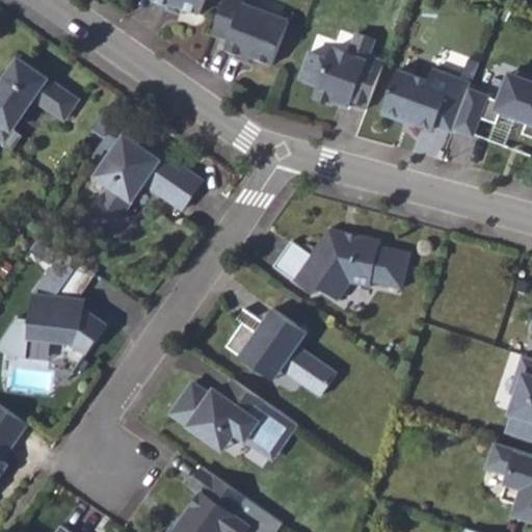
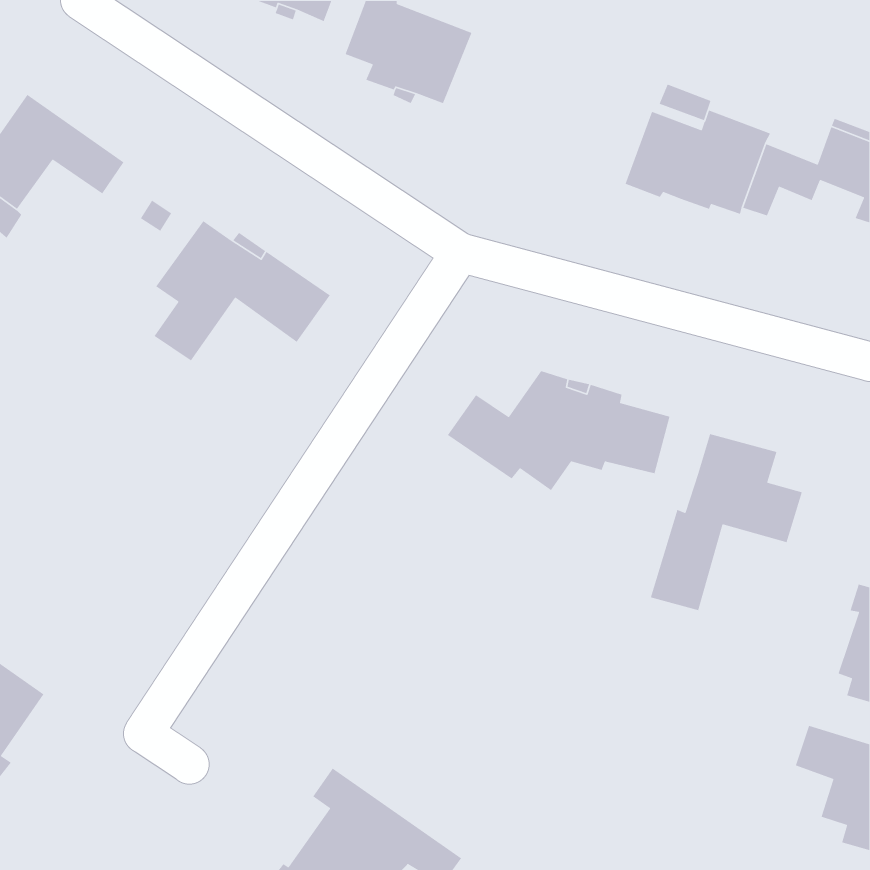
building: [299,32,383,109] -> none
building: [28,251,105,358] -> none
building: none -> [650,433,803,611]
building: [224,308,334,394] -> none
building: [169,379,295,454] -> none

